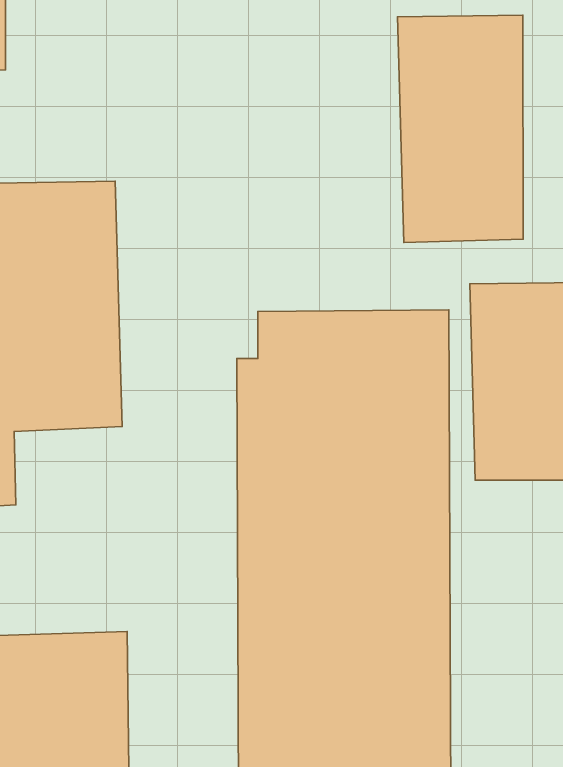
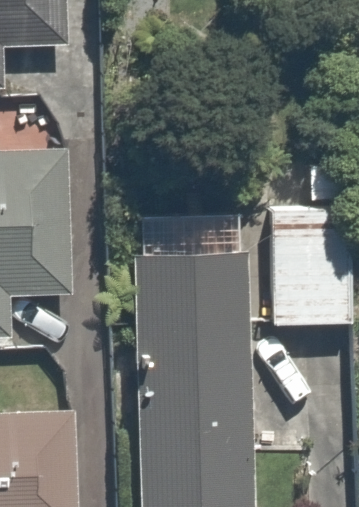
building: [397,15,523,243] -> none

